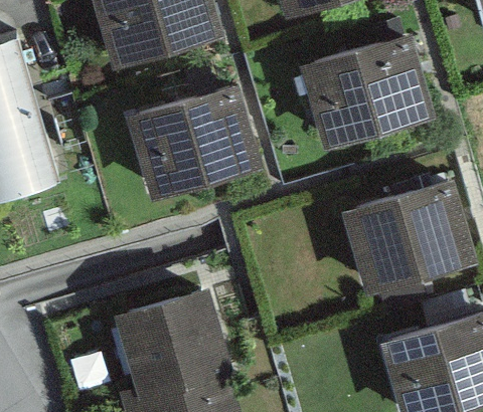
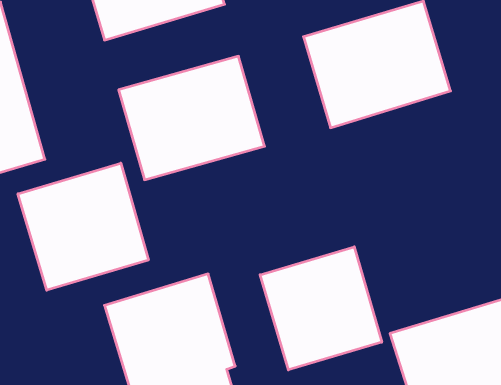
building: [341,178,477,294] -> none
building: none -> [18,163,148,290]
building: none -> [260,247,382,370]

